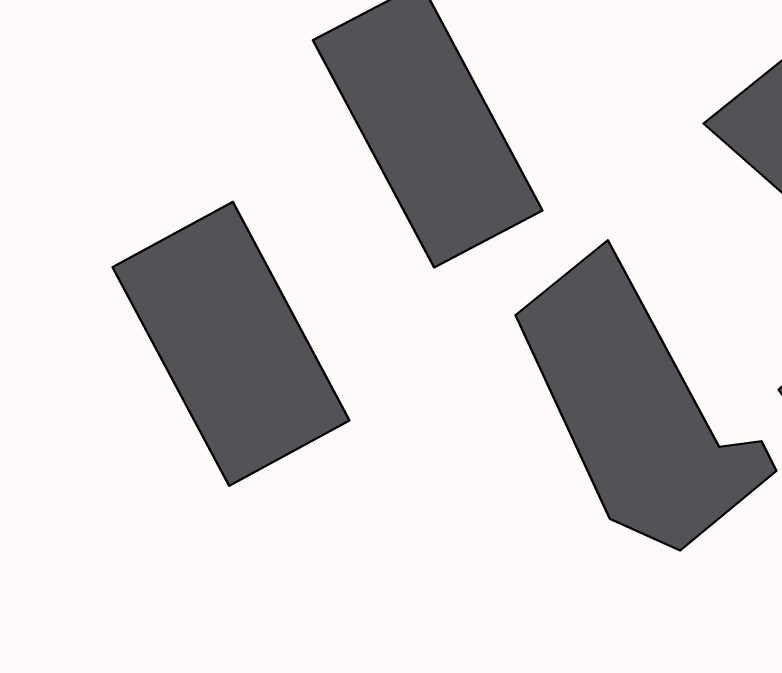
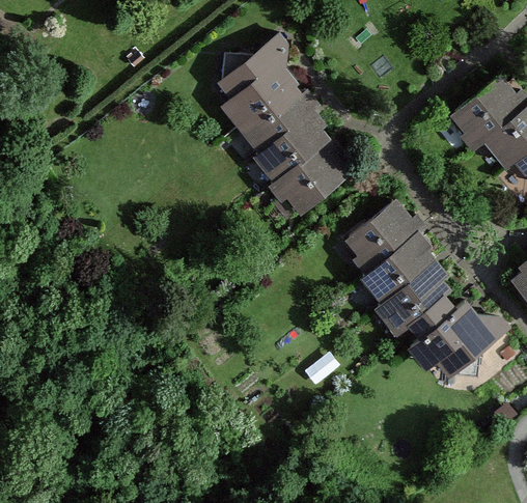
building: [112,202,350,486] -> none

